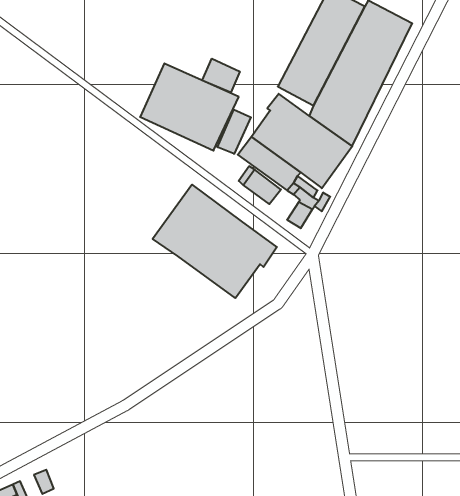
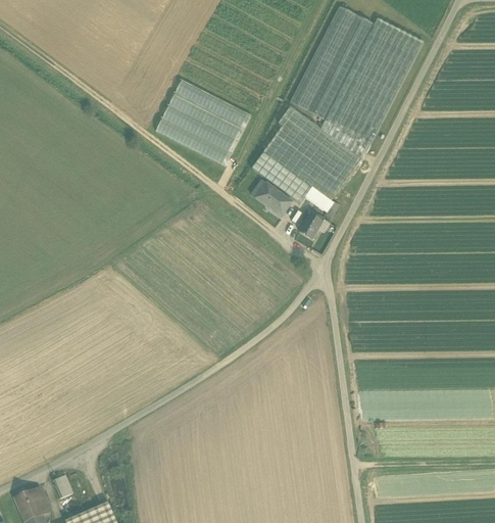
building: [202,59,240,93] -> none
building: [217,110,251,154] -> none
building: [153,185,277,298] -> none

